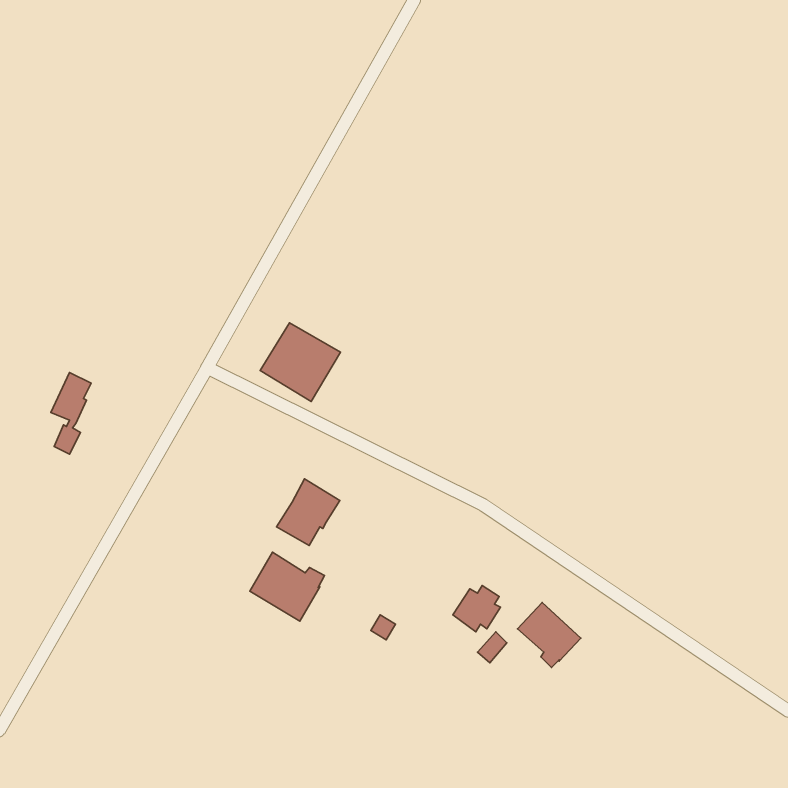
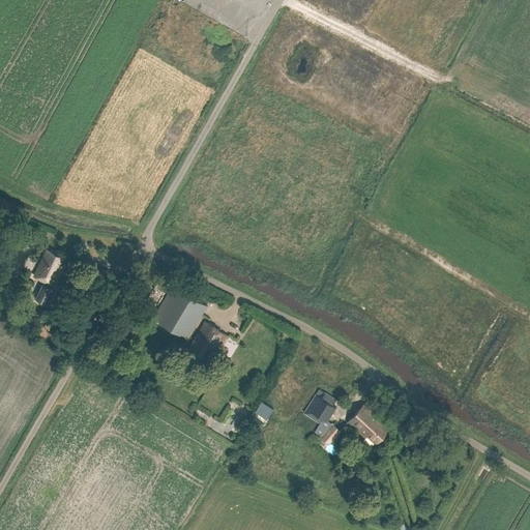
building: [260,323,341,401] -> [152,287,206,340]
building: [250,552,325,621] -> none

